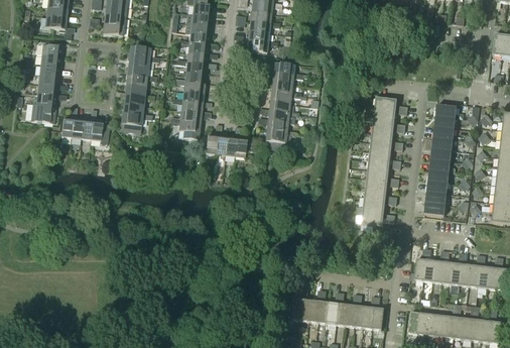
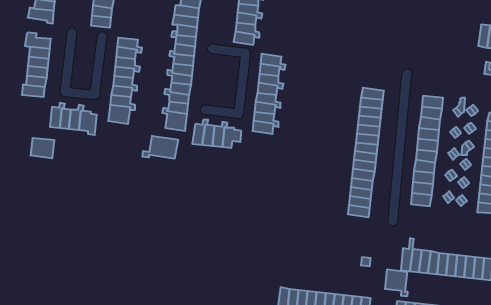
building: [31,103,55,123] -> [30,138,54,158]
building: none -> [142,136,178,159]
building: none -> [385,269,407,296]

